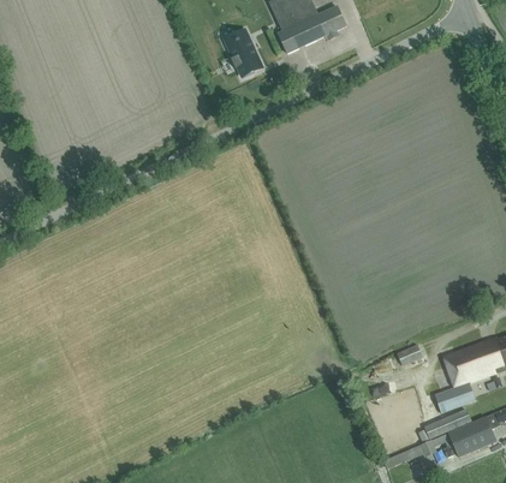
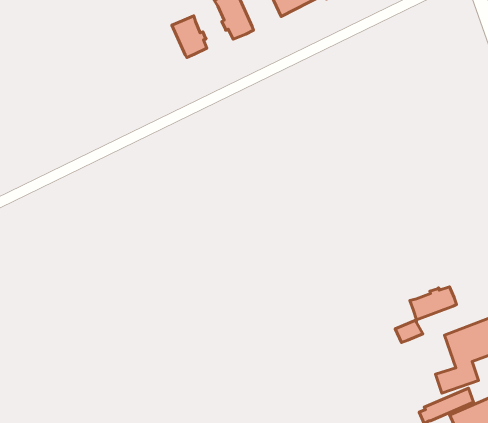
building: none -> [172,16,207,57]
building: none -> [410,287,457,320]

